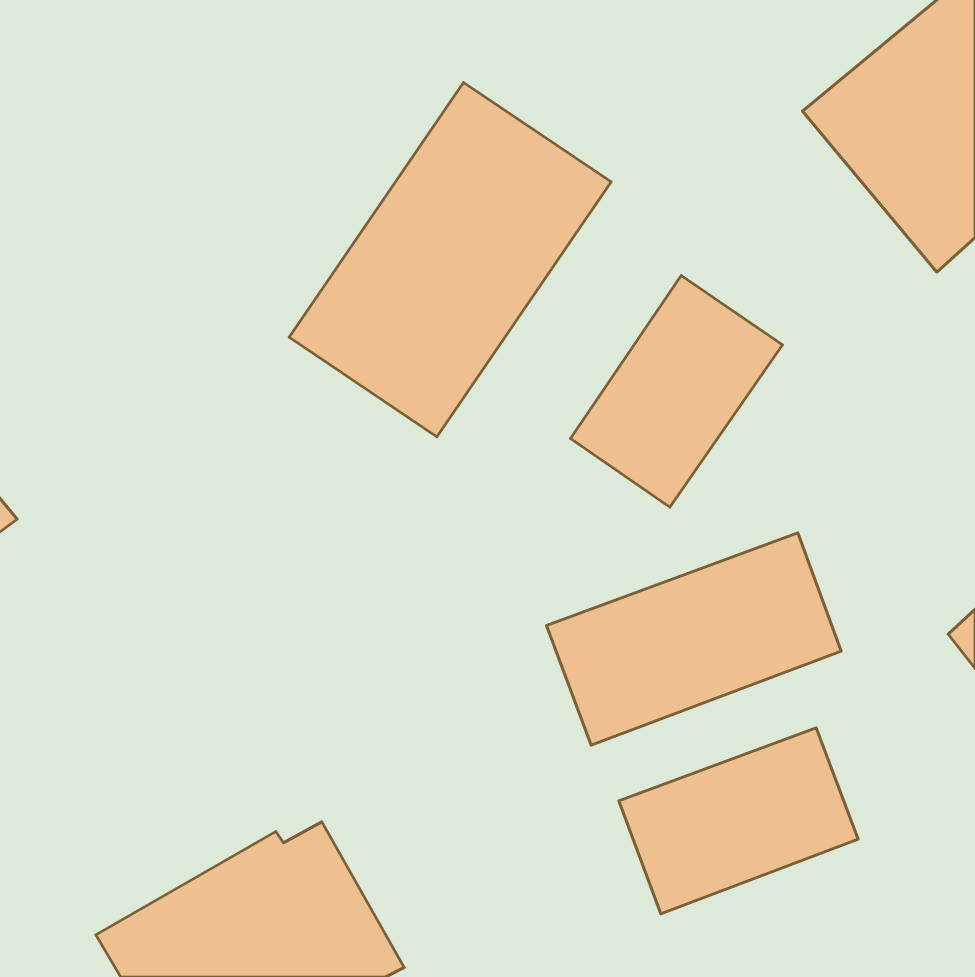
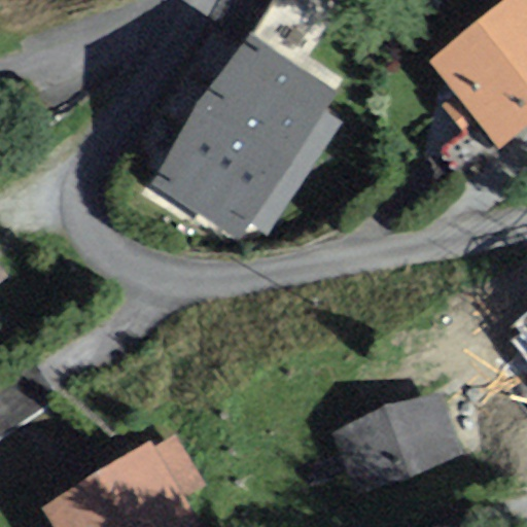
building: [571,276,782,507] -> none
building: [547,533,841,745] -> none

